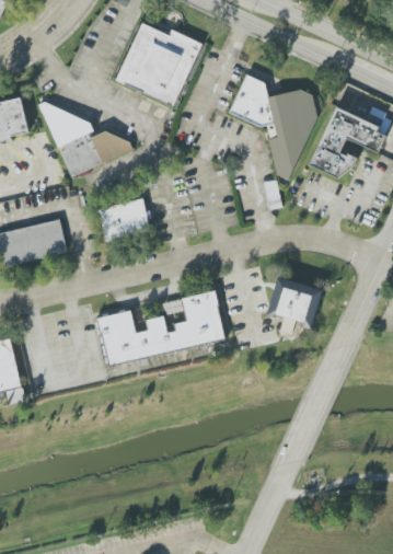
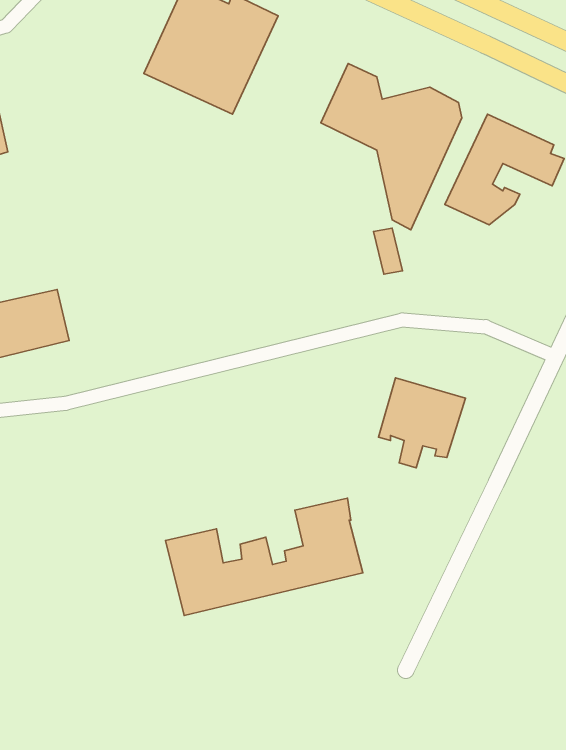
building: [38,101,134,176] -> none
building: [96,197,151,242] -> none
building: [99,290,226,366] -> [165,498,363,615]

